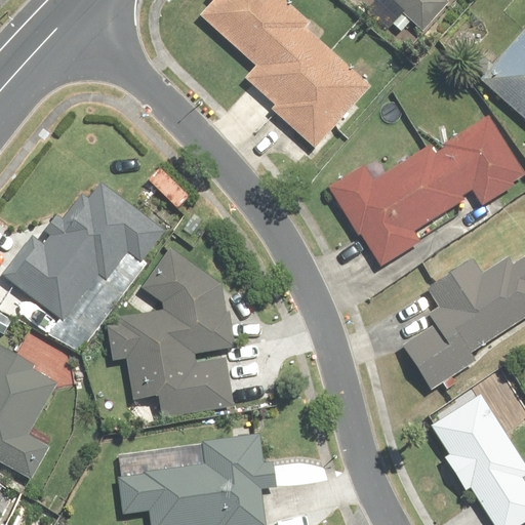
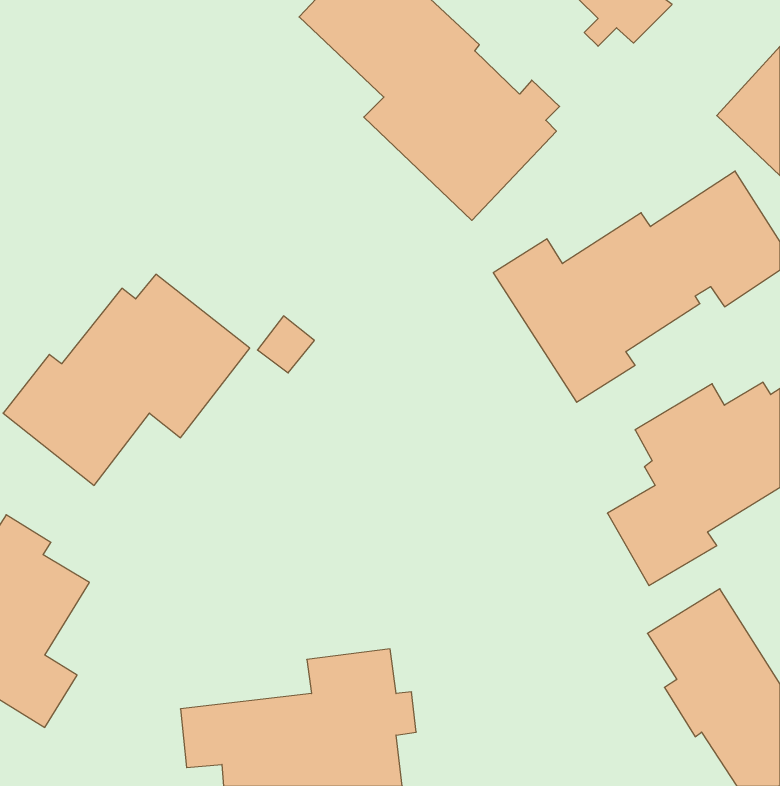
building: [110,245,237,419] -> none

